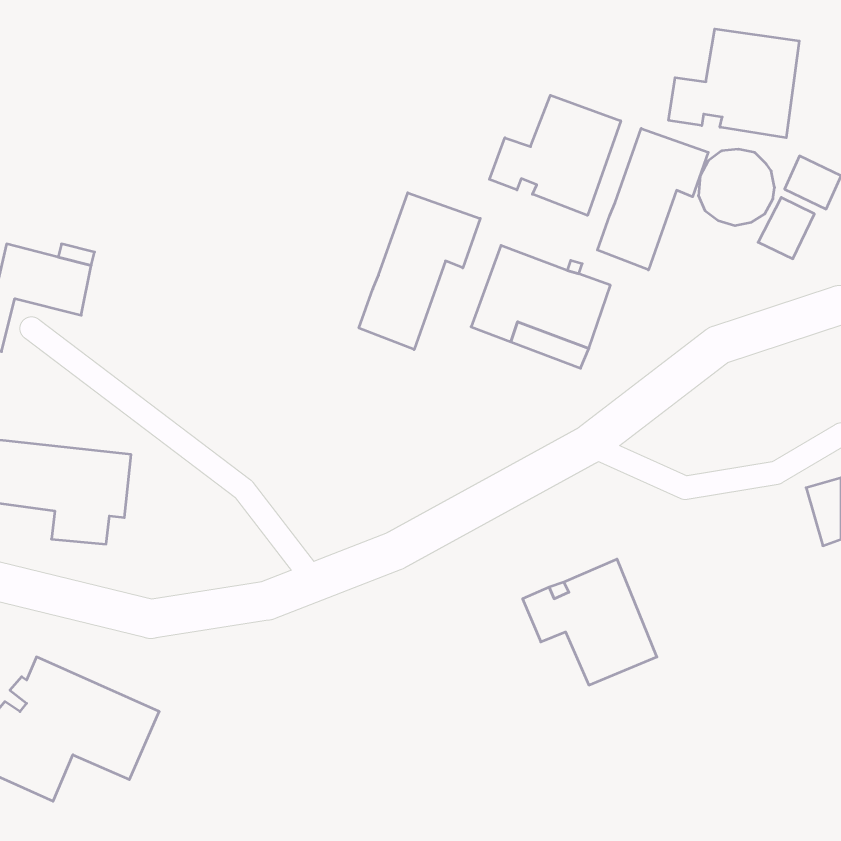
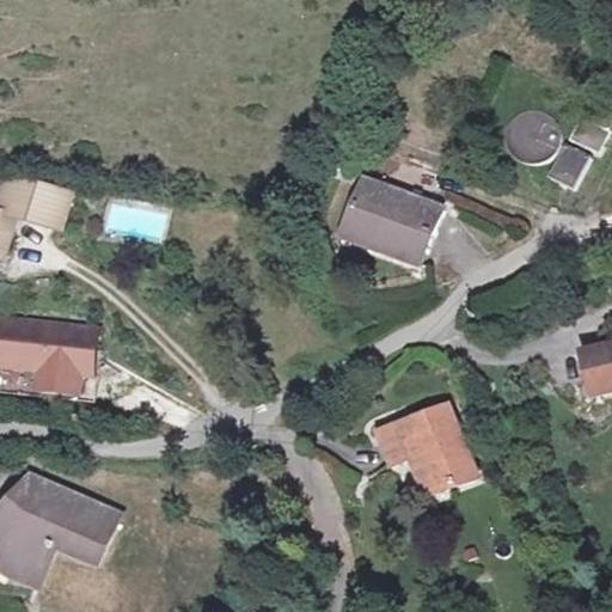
building: [669,29,799,138] -> none
building: [489,95,621,215] -> none
building: [597,128,708,270] -> none
building: [359,193,480,350] -> none

